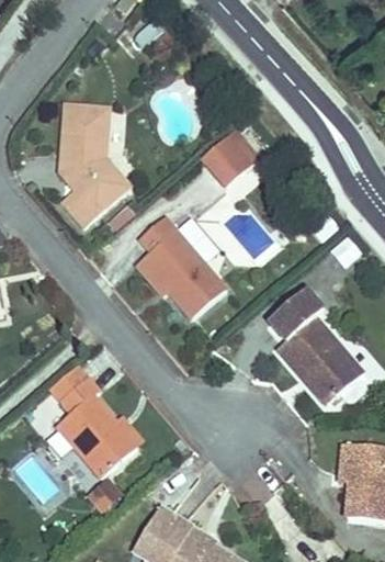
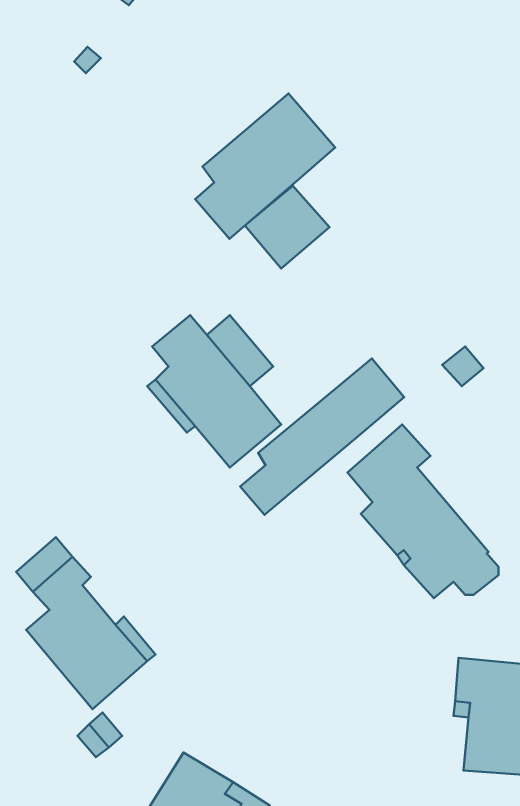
building: none -> [195,93,335,239]
building: [59,104,129,226] -> none
building: none -> [240,358,404,515]

